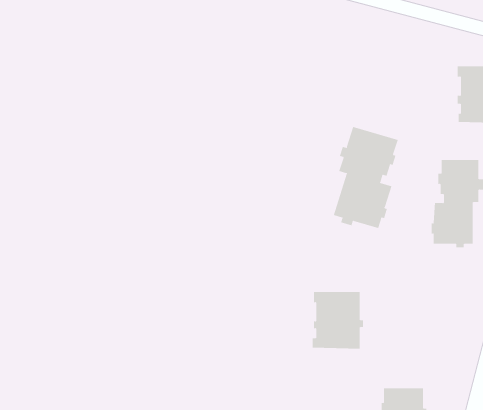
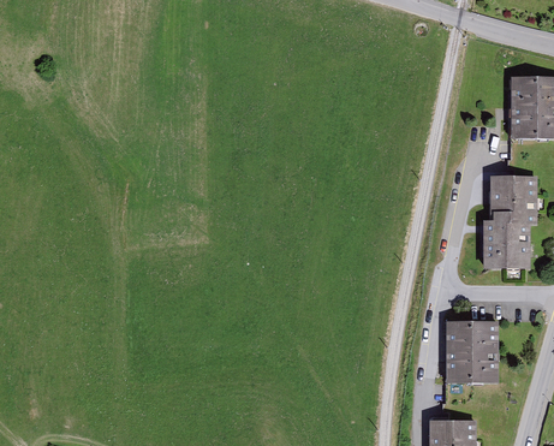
building: [333,126,398,229] -> none
building: [312,291,364,349] -> [443,322,499,383]

